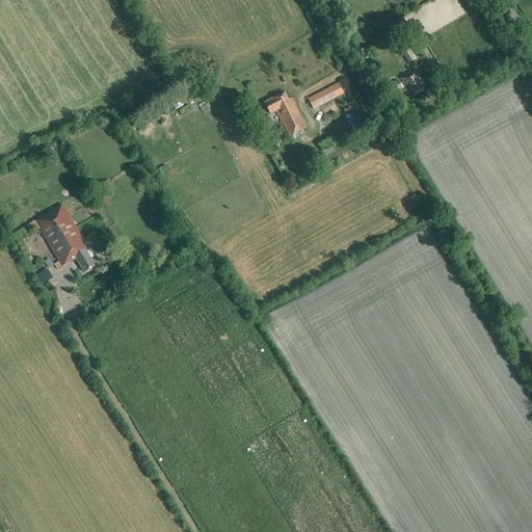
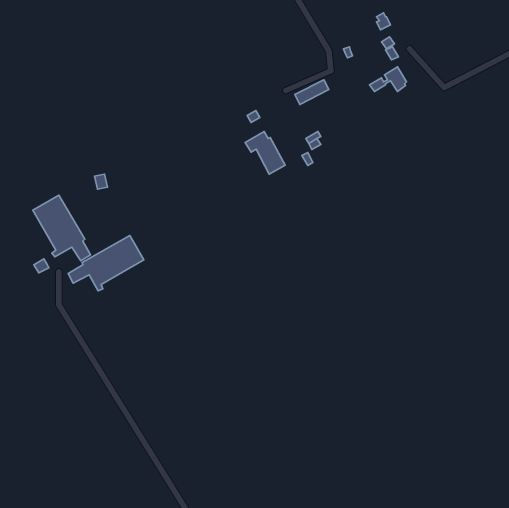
building: [264,91,305,136] -> [245,131,285,174]
building: none -> [68,236,144,291]

